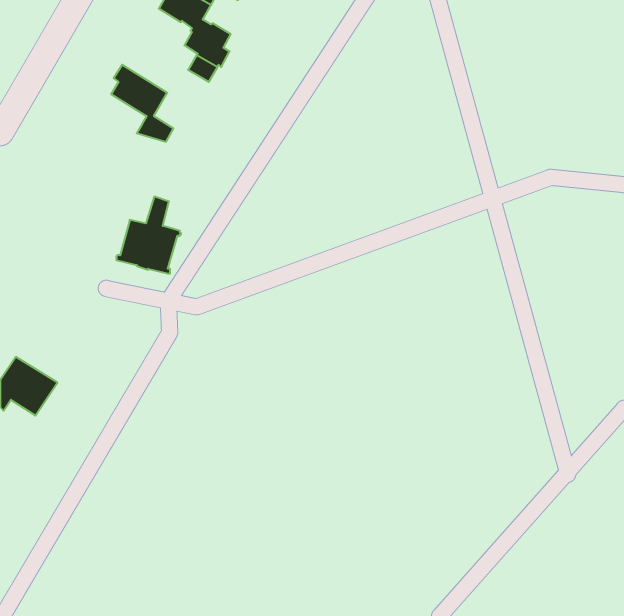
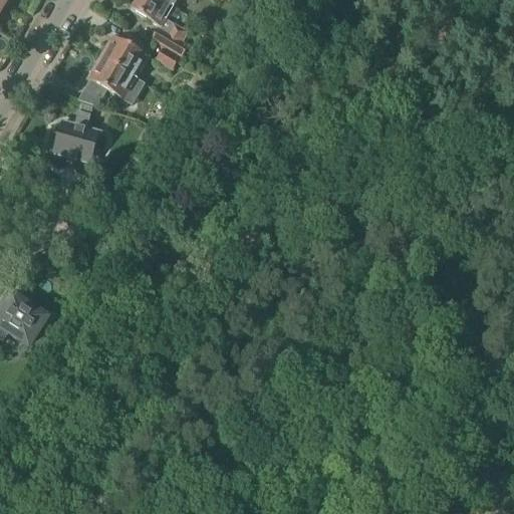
building: none -> [100,35,151,76]
building: [116,197,181,274] -> [50,99,103,163]

